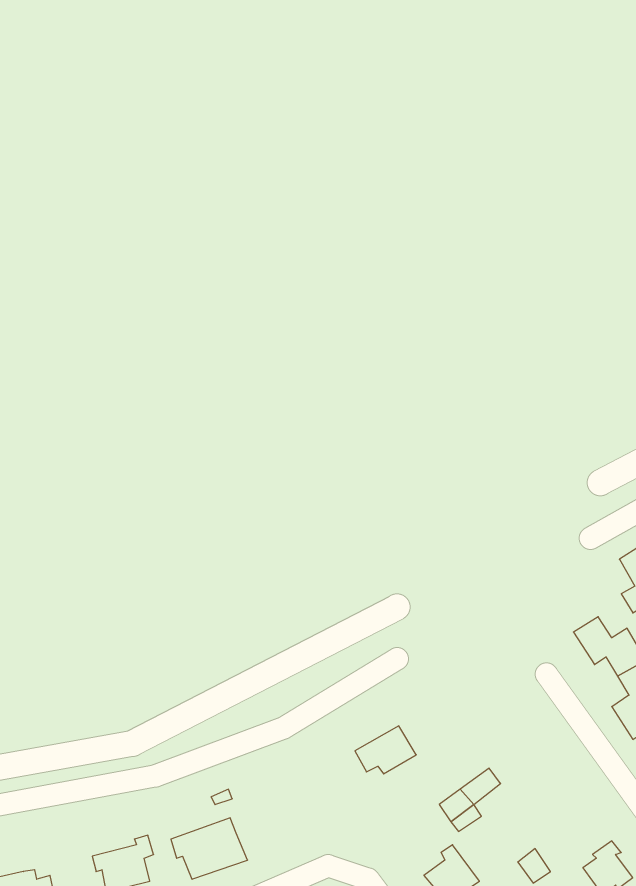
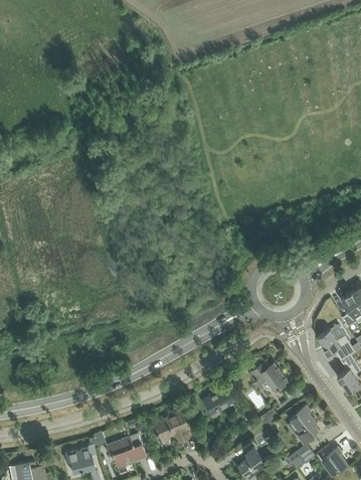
building: none -> [244,352,289,390]
building: none -> [291,405,319,444]
building: none -> [151,412,190,442]

